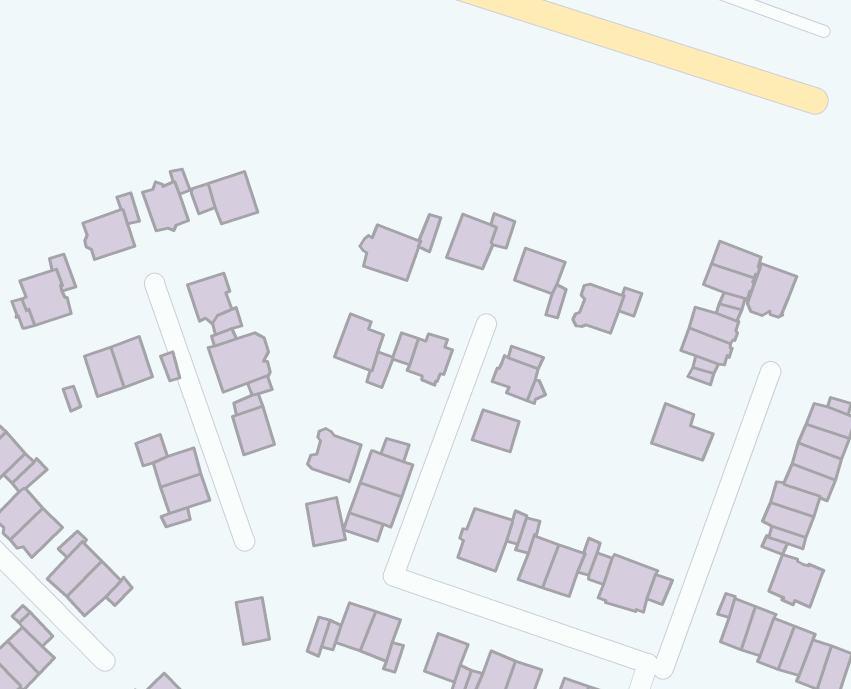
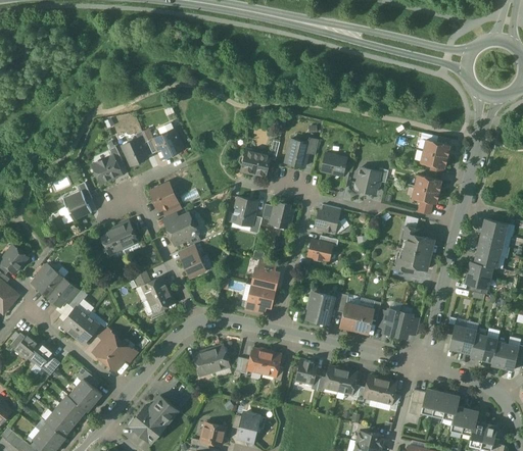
building: [747,264,797,317] -> none
building: [308,429,361,482] -> none
building: none -> [397,248,430,272]
building: [306,498,346,546] -> [207,345,230,371]
building: [769,555,824,607] -> none

